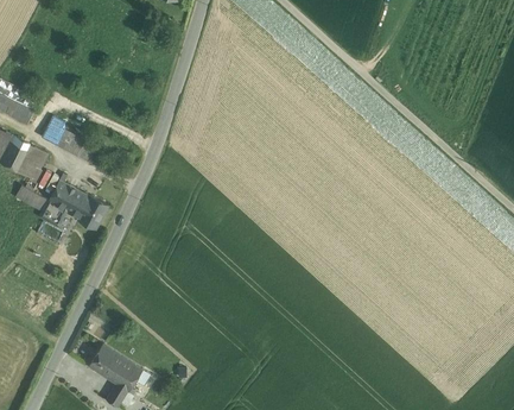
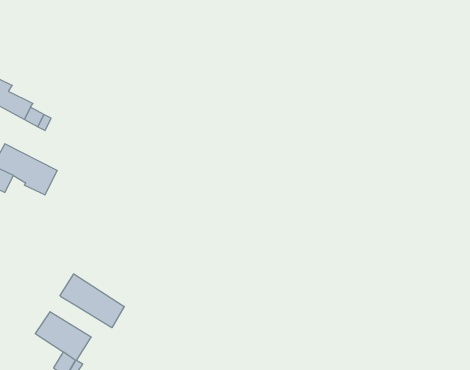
building: none -> [60,274,124,328]

